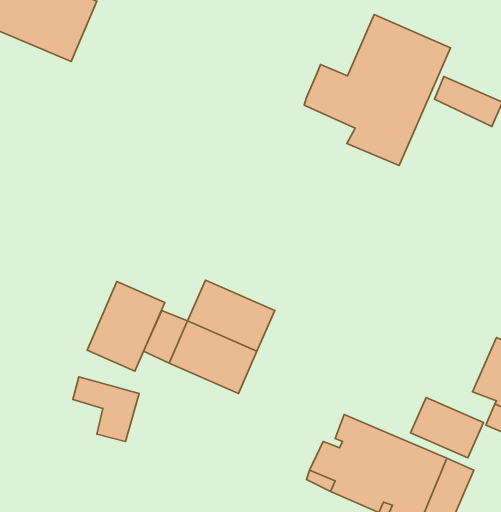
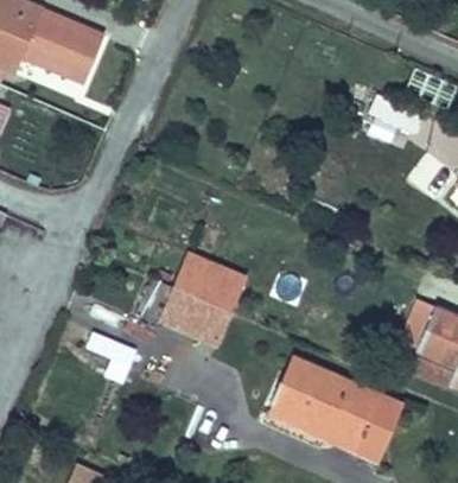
building: [304,14,451,166] -> none
building: [87,282,165,371] -> none
building: [410,397,484,458] -> none

